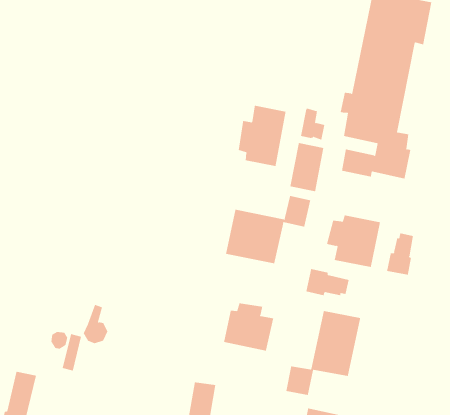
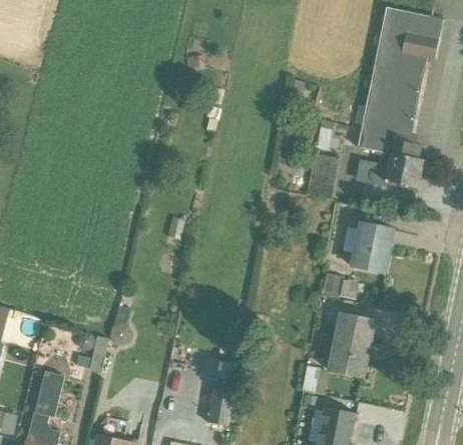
building: [238,105,286,167] -> none
building: [225,195,311,264] -> none
building: [387,233,414,276] -> none
building: [223,302,274,352] -> none

